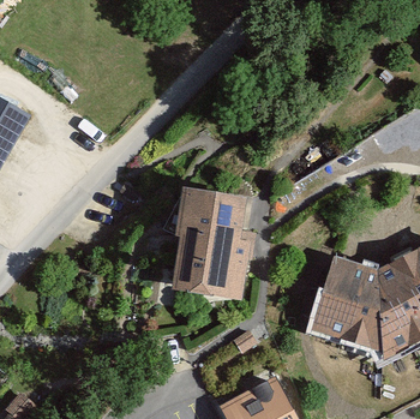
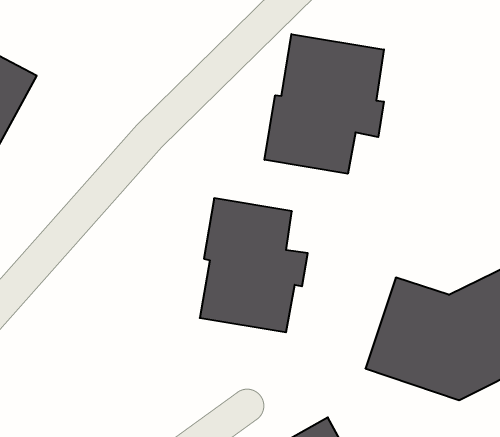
building: none -> [265,34,384,174]

